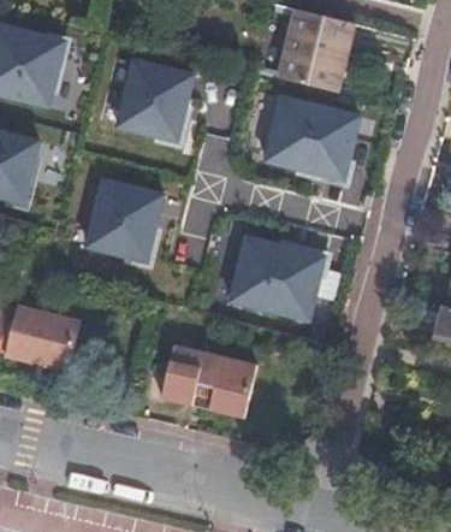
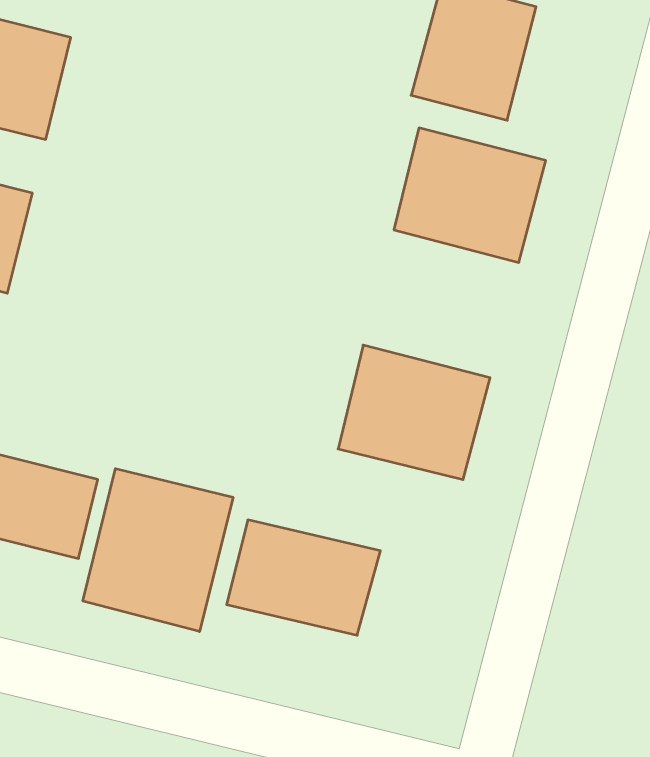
building: [117,61,195,144] -> none
building: [88,178,165,261] -> none
building: none -> [83,469,233,632]

